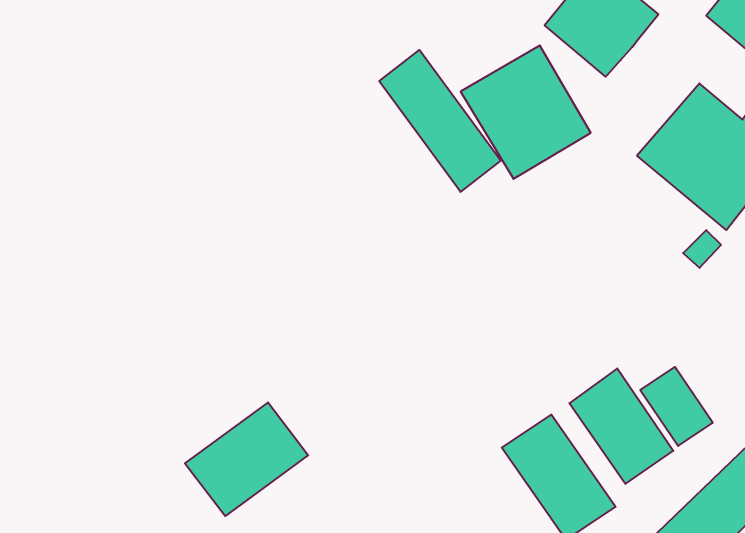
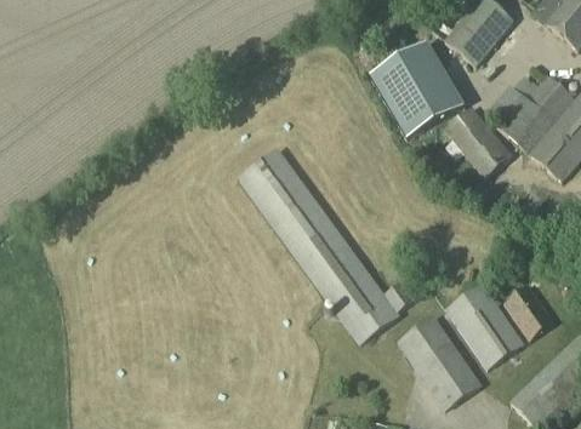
building: [379,50,501,192] -> none
building: none -> [443,107,512,178]
building: none -> [239,149,411,341]
building: [185,402,308,516] -> none

